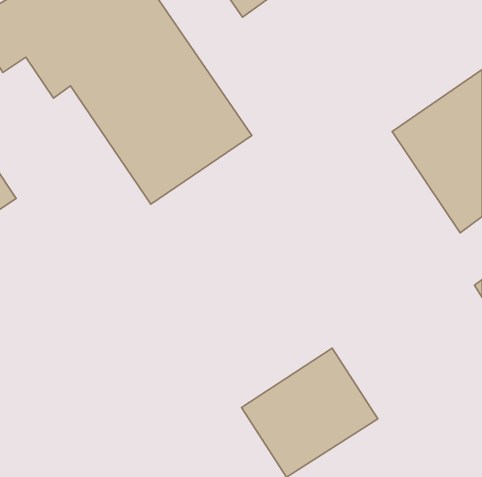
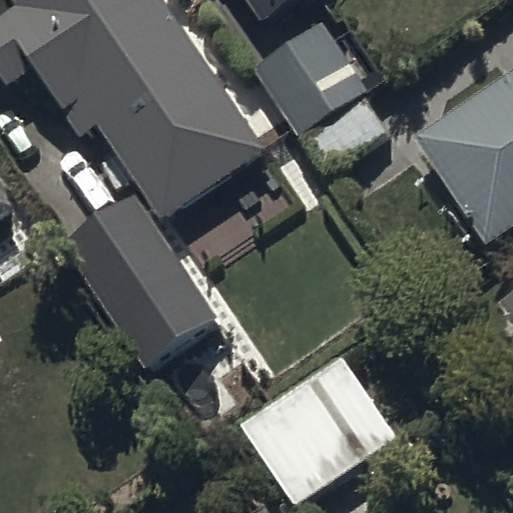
building: none -> [251,24,388,168]
building: none -> [63,197,217,367]

